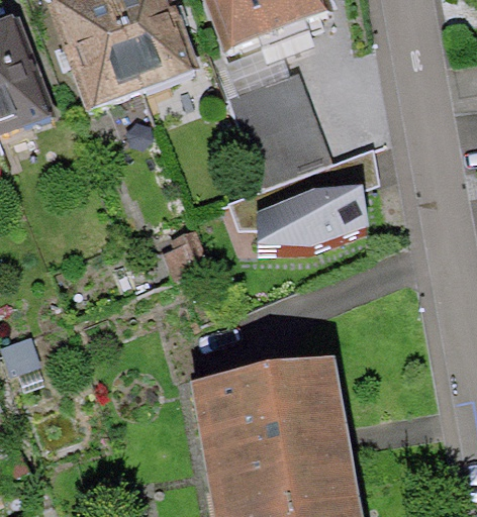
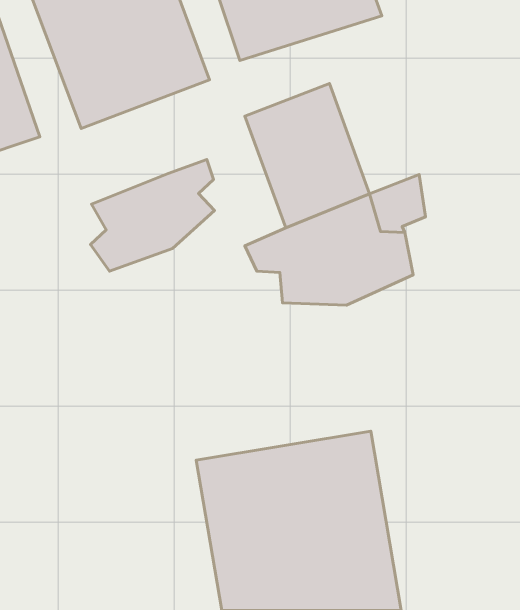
building: none -> [90,159,214,271]

